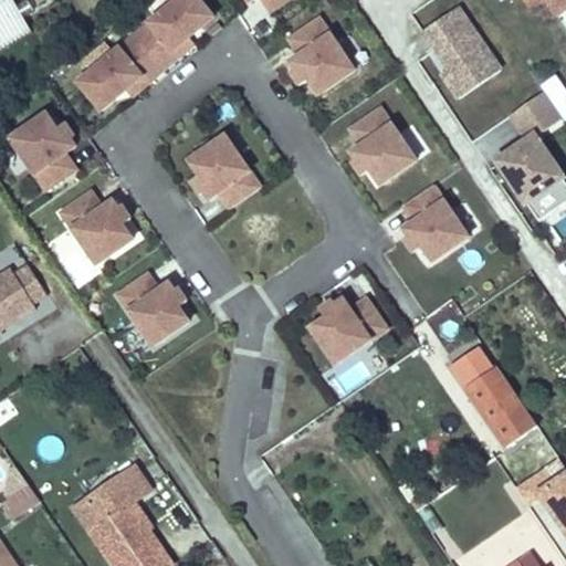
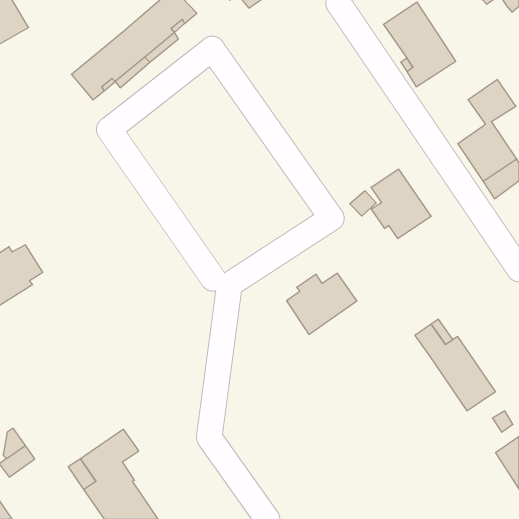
building: [289,17,354,93] -> none
building: [349,106,416,184] -> none
building: [10,116,81,188] -> none
building: [189,134,260,207] -> none
building: [61,190,132,262] -> none
building: [116,272,188,345] -> none

